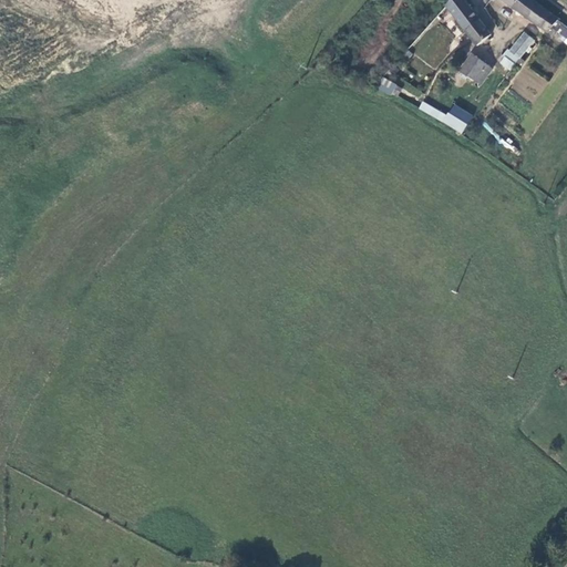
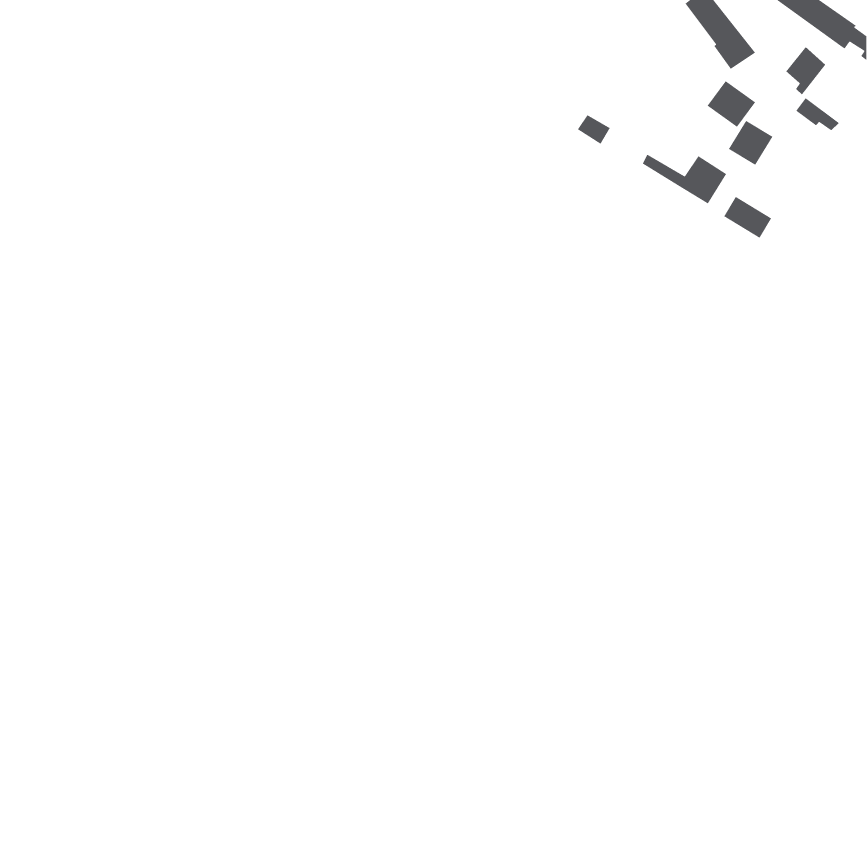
building: none -> [728,120,773,166]
building: none -> [723,196,772,239]

